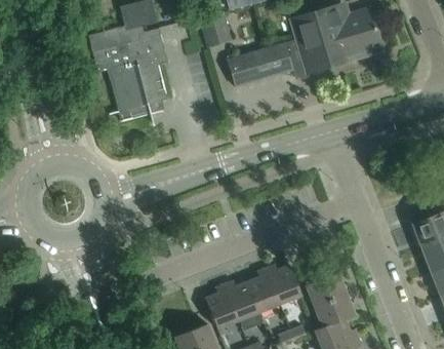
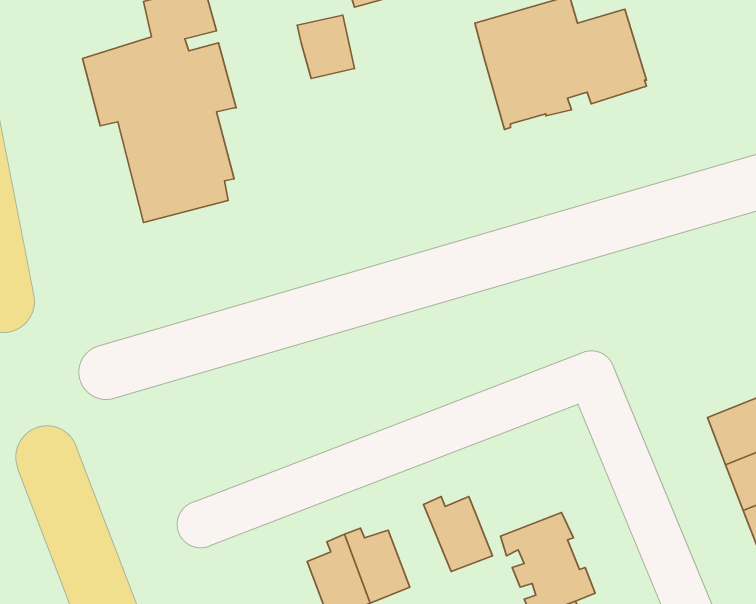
building: [227,37,311,86] -> none
building: [247,268,280,311] -> none

